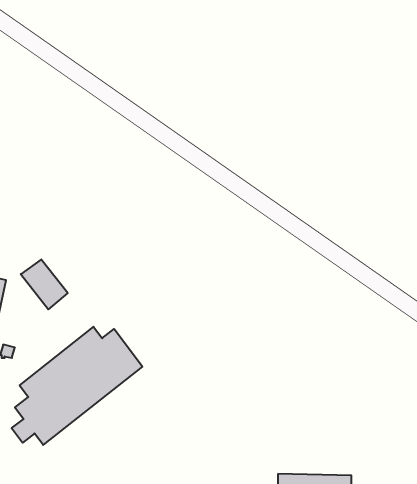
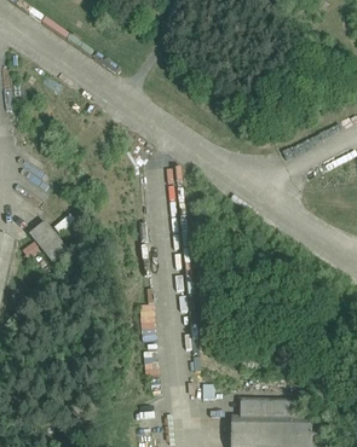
building: [12,327,142,445] -> none

